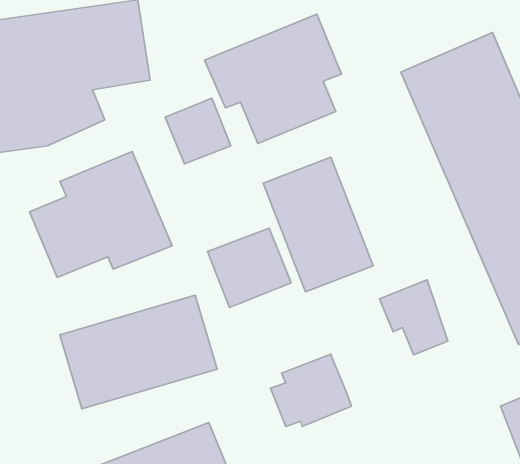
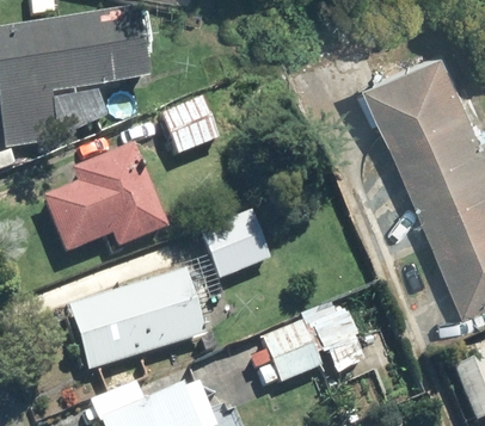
building: [204,14,341,144] -> none
building: [263,157,373,292] -> none
building: [379,280,448,355] -> [302,308,362,373]

